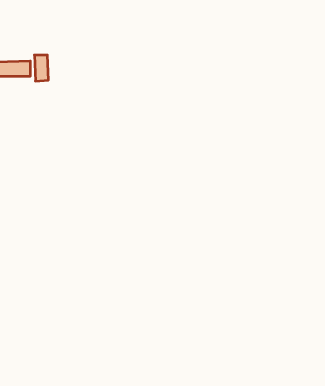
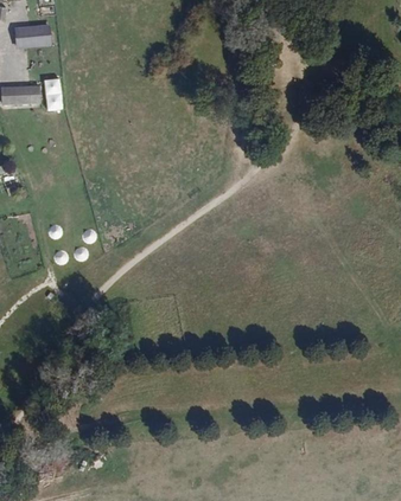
building: none -> [12,26,49,49]

